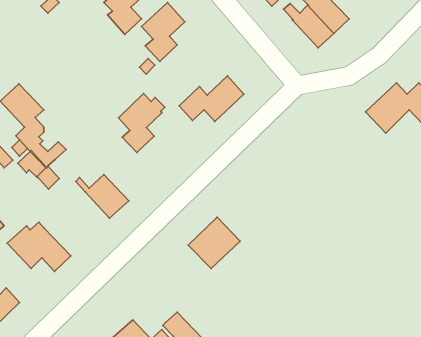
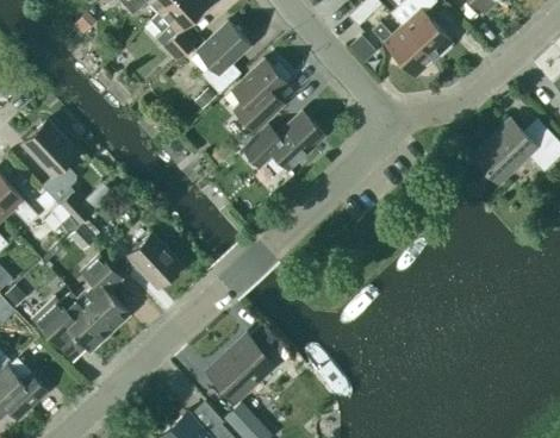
building: [118,94,165,153] -> [232,60,290,132]
building: none -> [76,254,130,333]
building: [188,217,240,268] -> [209,336,273,399]

